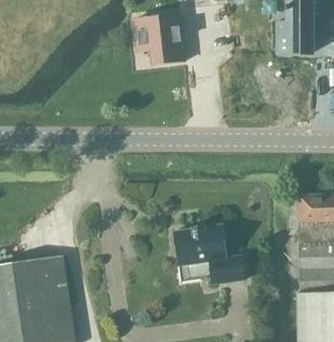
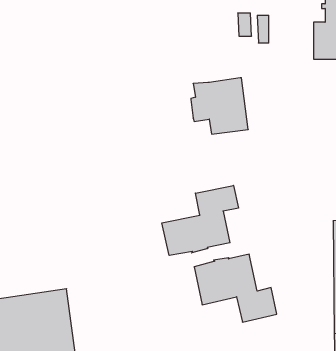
building: [134,14,184,63] -> [191,78,248,134]
building: none -> [162,185,238,255]

